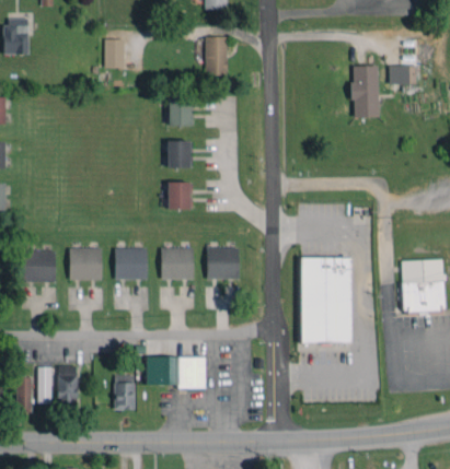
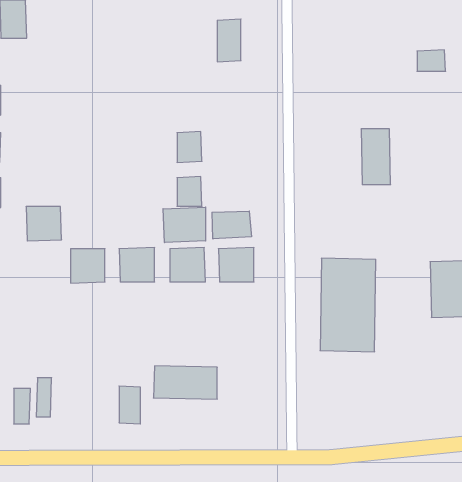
building: [105,38,125,68] -> none
building: [353,66,380,117] -> [361,129,391,185]
building: [169,98,194,126] -> none
building: none -> [163,207,206,243]
building: none -> [212,211,251,239]
building: [24,250,57,282] -> [26,207,62,241]
building: [58,365,78,404] -> none

